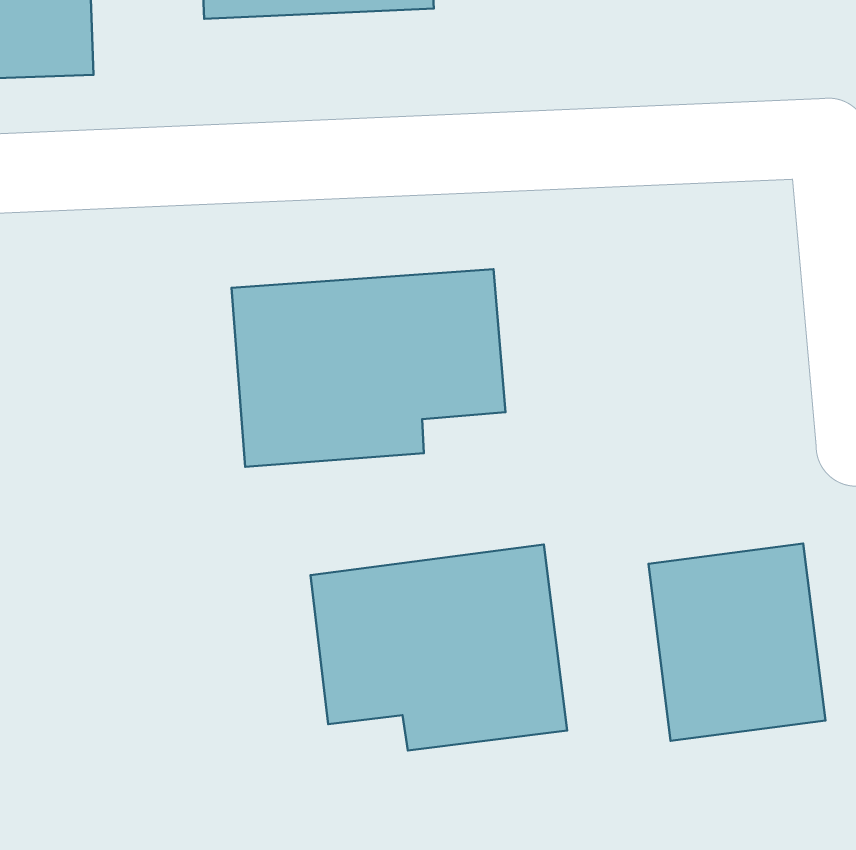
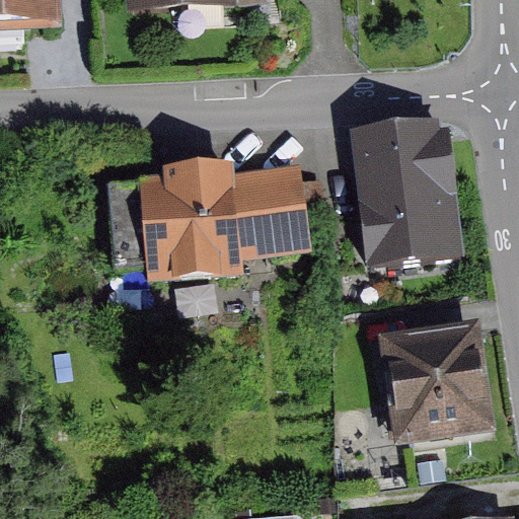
building: none -> [344,115,458,268]
building: [310,545,567,750] -> none

